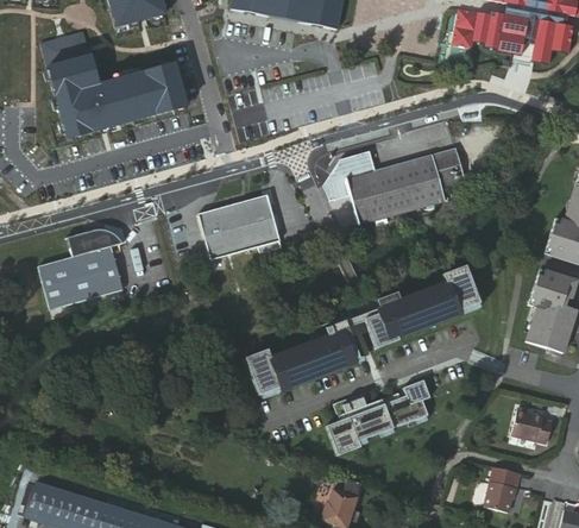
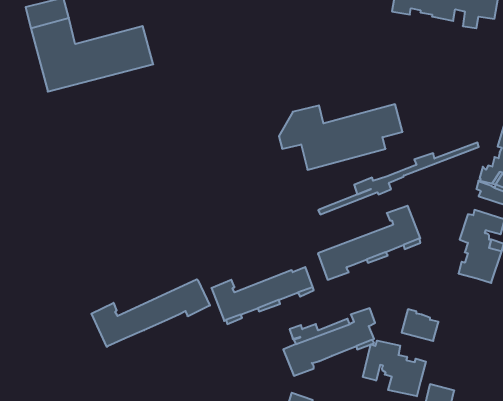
building: [195,193,277,259] -> none
building: [36,227,122,308] -> none
building: [272,281,453,362] -> [318,143,479,214]
building: none -> [91,279,210,347]
building: [512,406,554,441] -> [402,309,439,341]
building: none -> [363,341,426,396]

